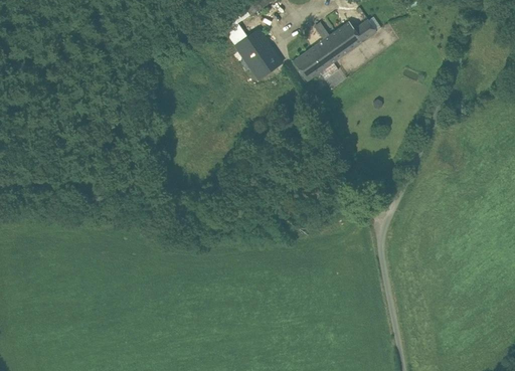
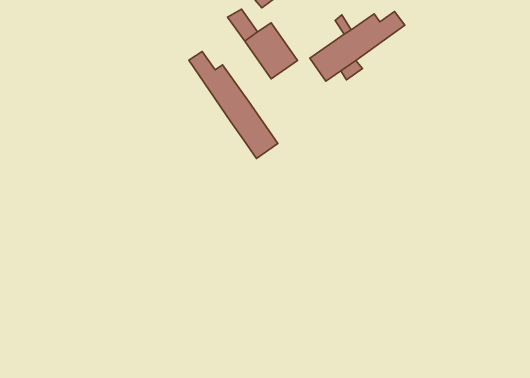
building: none -> [189,52,278,158]

